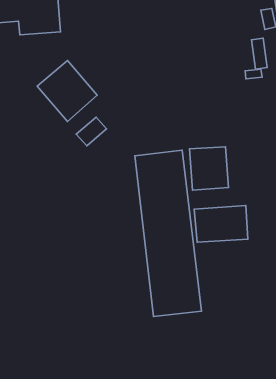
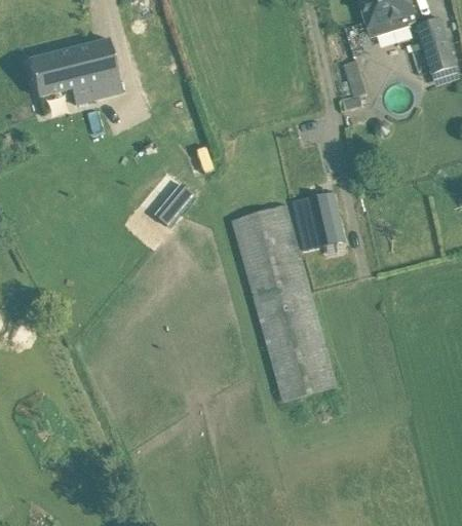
building: [37,60,97,121] -> none
building: [194,206,248,242] -> none

